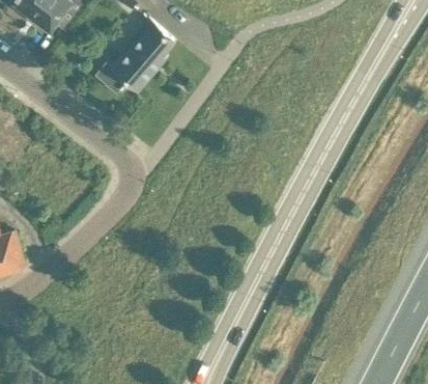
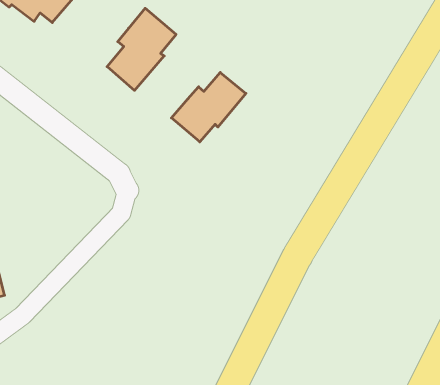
building: none -> [171,72,246,142]

